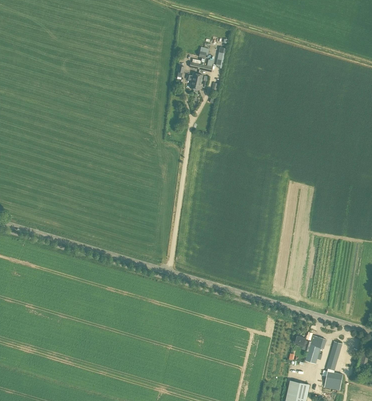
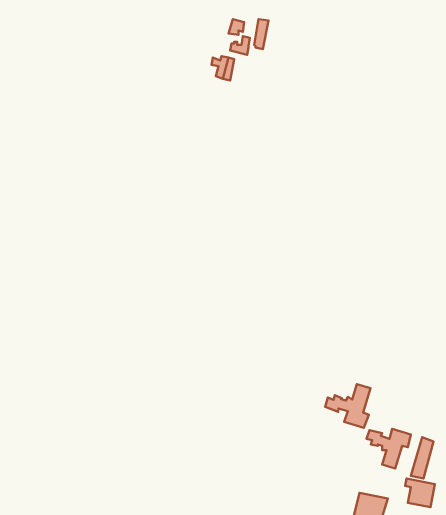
building: none -> [325,384,371,428]

